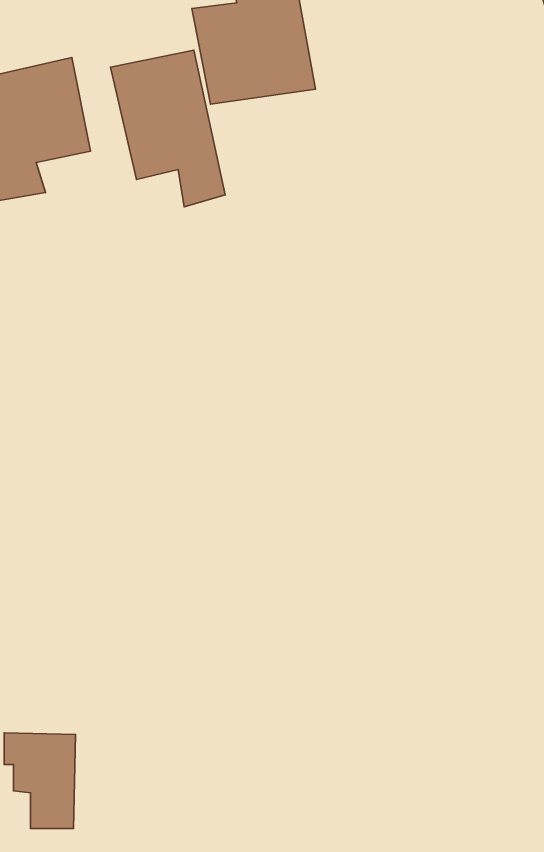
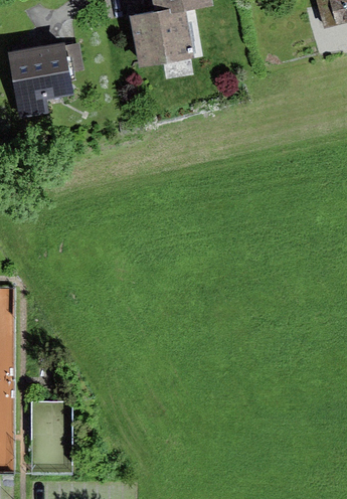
building: [111,50,225,207] -> none

